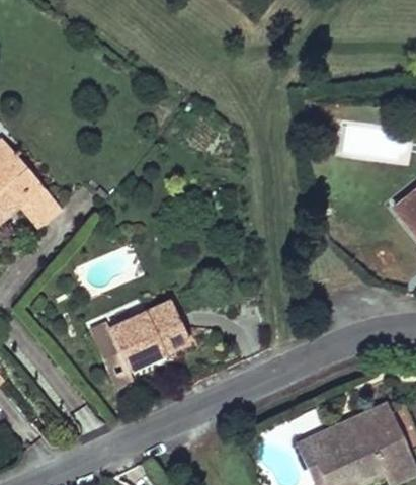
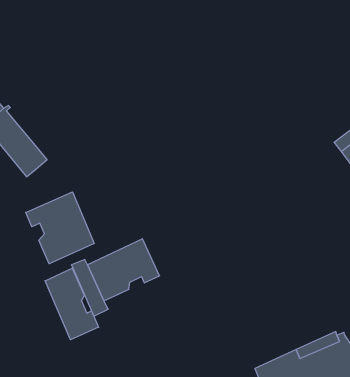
building: none -> [26,192,94,264]
building: none -> [45,268,99,340]

